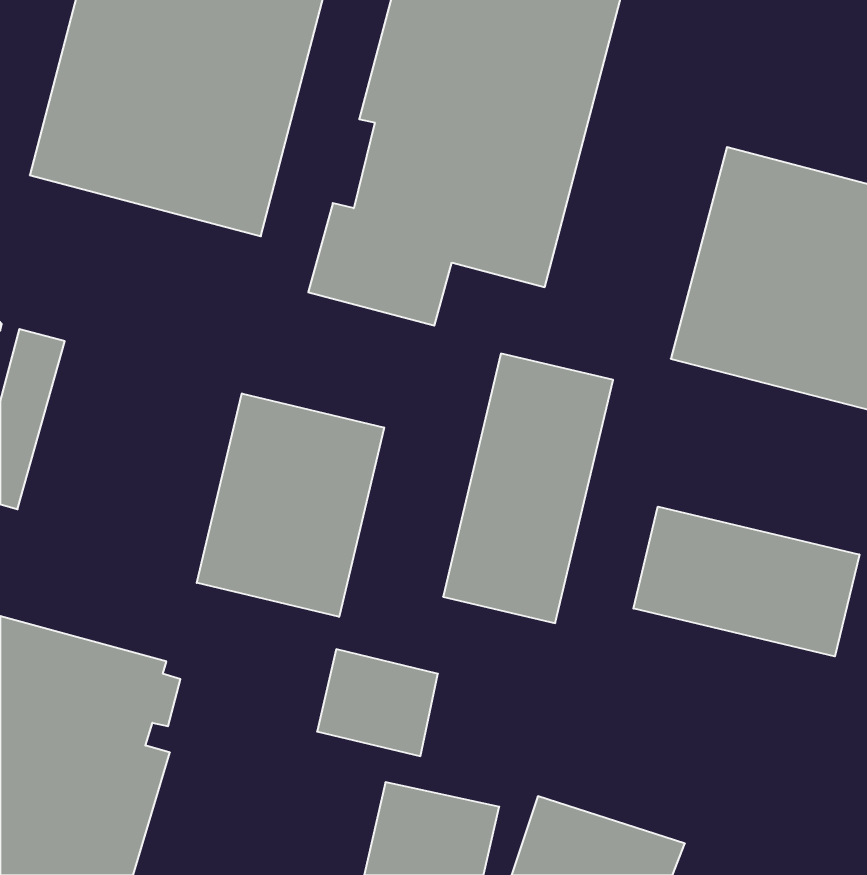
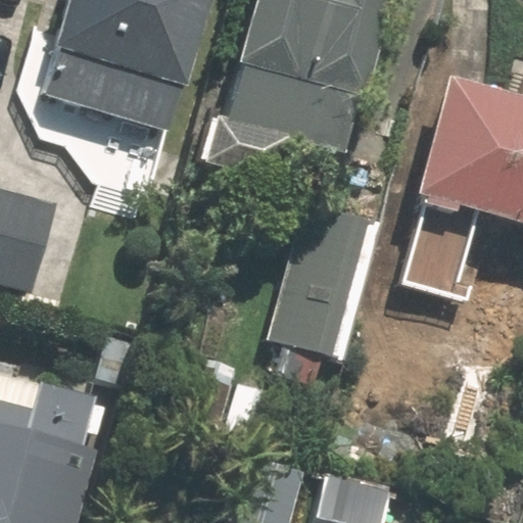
building: [197,393,384,617] -> none
building: [633,507,859,656] -> none

